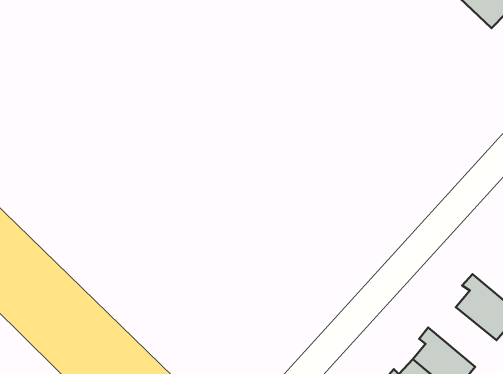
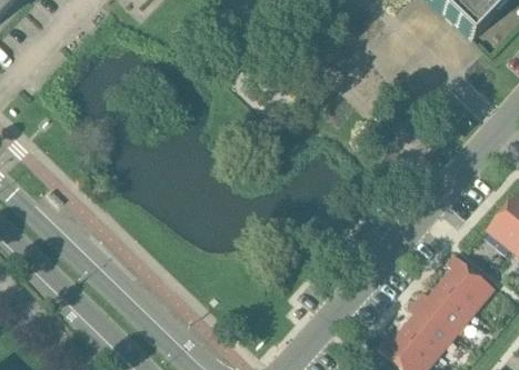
building: none -> [416,280,476,332]

